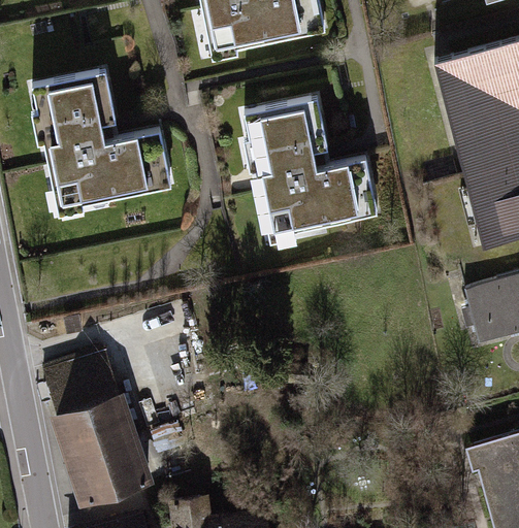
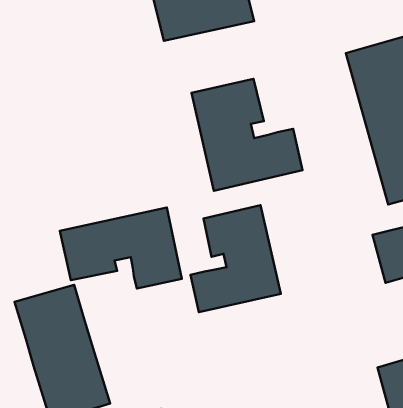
building: [30,66,177,216] -> none
building: none -> [190,205,281,312]
building: none -> [60,208,182,288]

